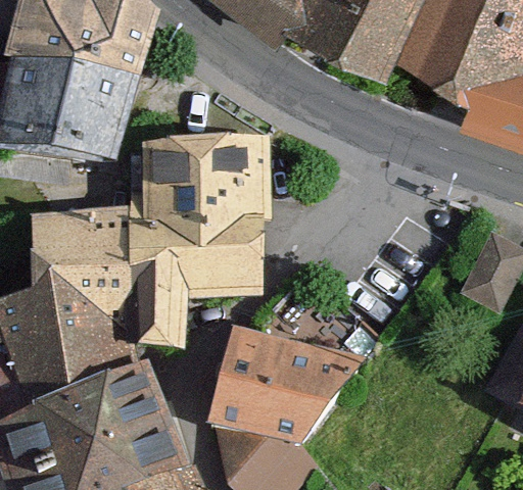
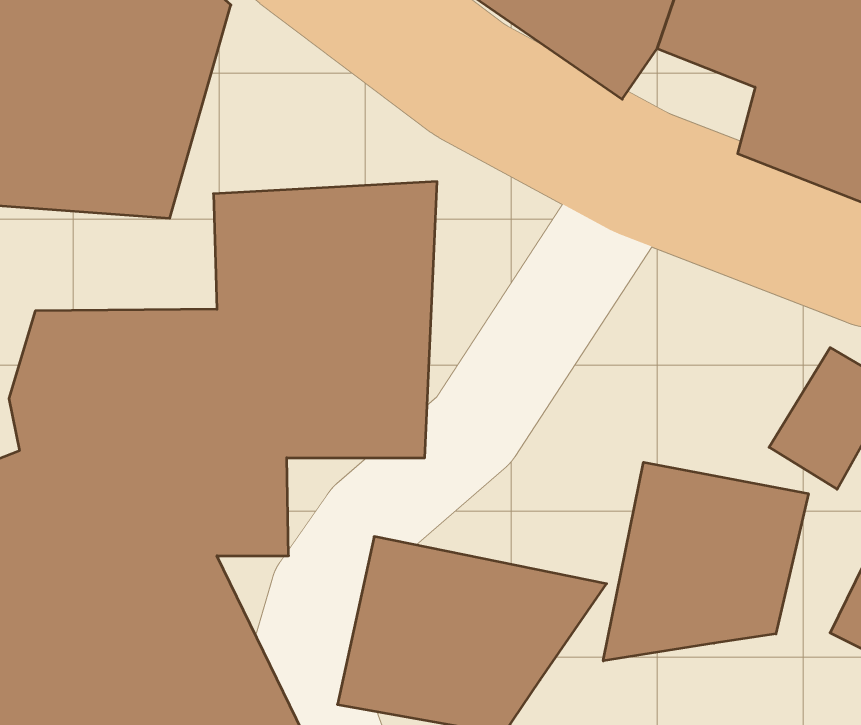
building: none -> [603,462,808,661]

